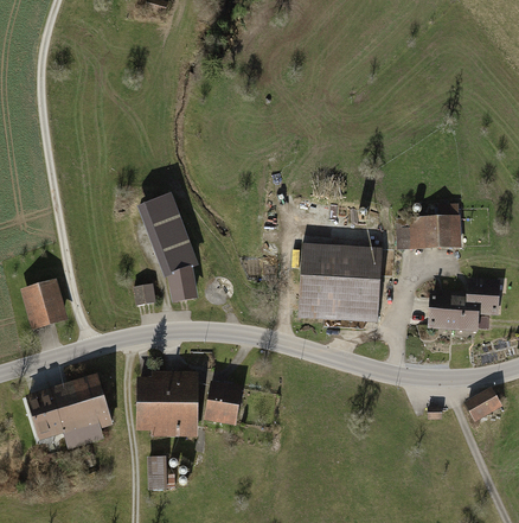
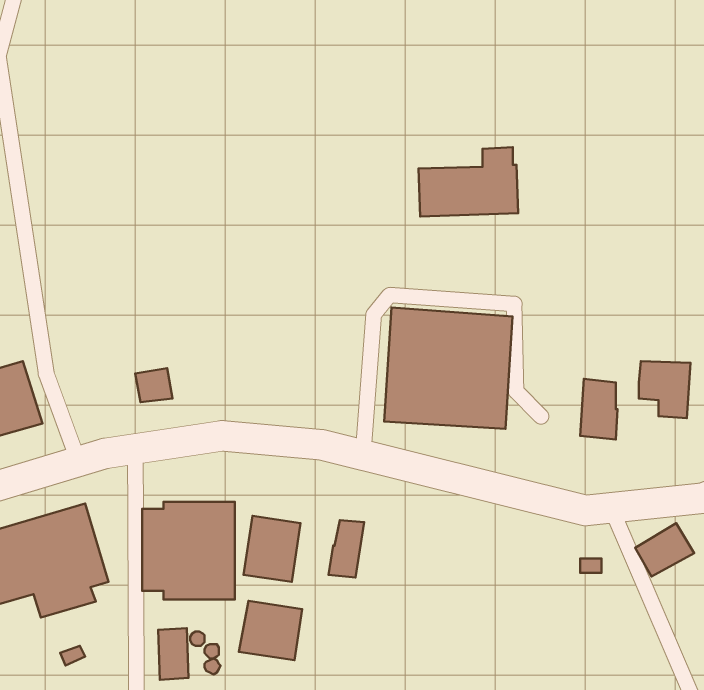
building: [136,192,198,302] -> none
building: [396,203,462,249] -> [418,147,518,217]
building: [451,292,480,331] -> none
building: none -> [329,520,364,578]
building: none -> [239,601,302,660]

